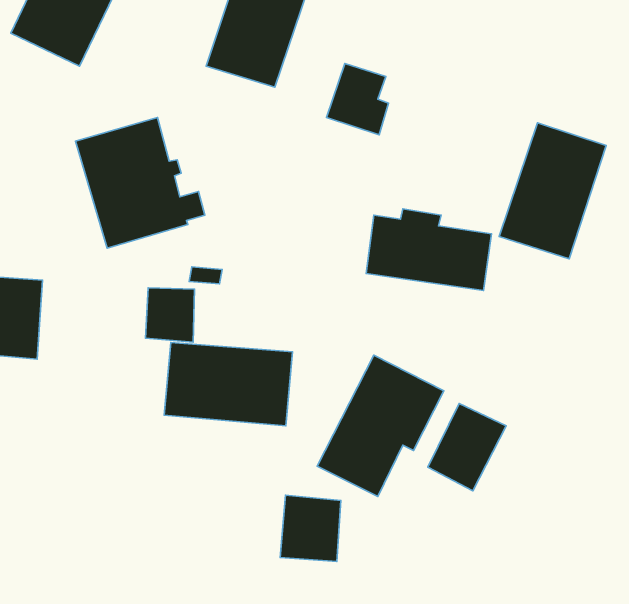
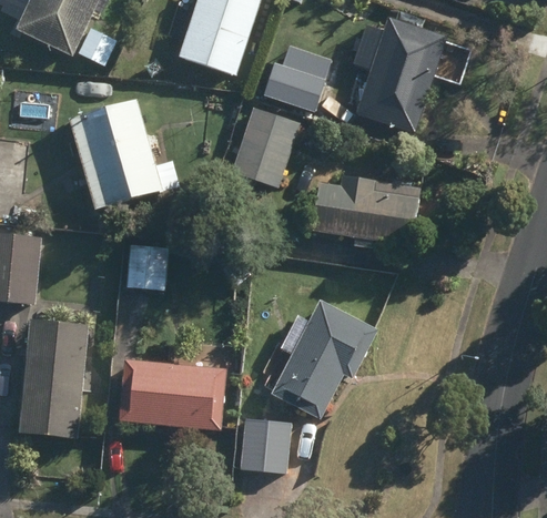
building: [499,123,606,259] -> [356,18,446,132]
building: none -> [231,106,300,187]
building: [164,342,292,426] -> [119,359,226,429]
building: none -> [18,321,88,439]
building: [428,403,506,491] -> none

